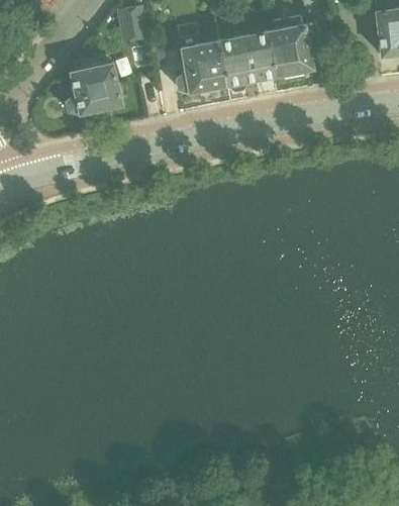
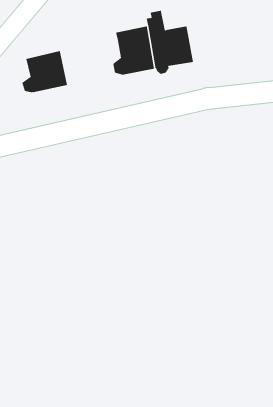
building: [118,8,145,41] -> none
building: [266,16,321,77] -> none

